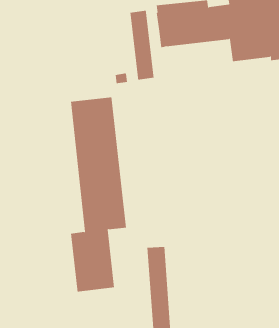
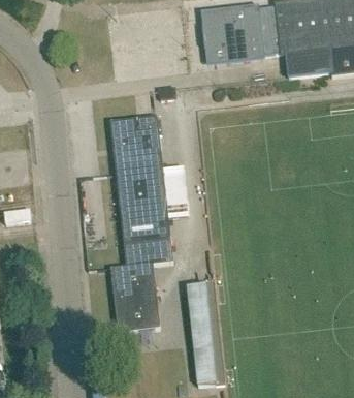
building: [130,10,154,80] -> none

